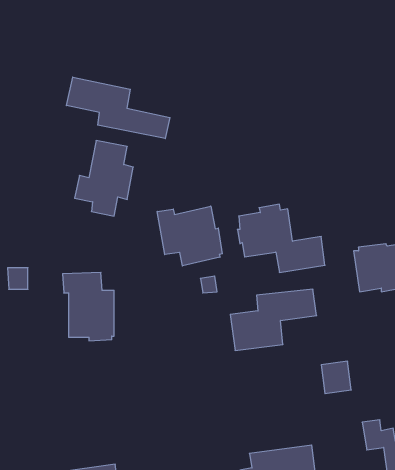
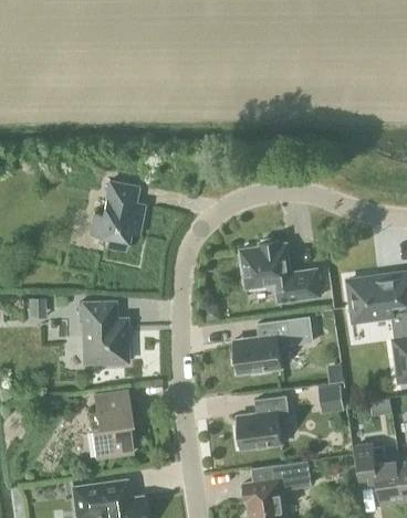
building: [66,77,170,139] -> none
building: [157,206,222,266] -> none
building: none -> [88,391,133,457]
building: none -> [237,397,290,450]

